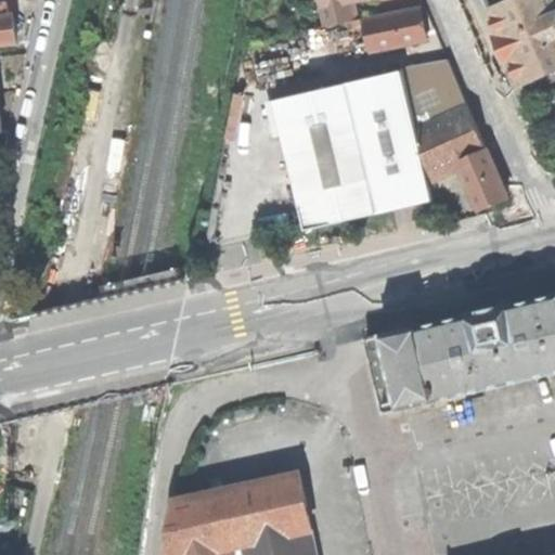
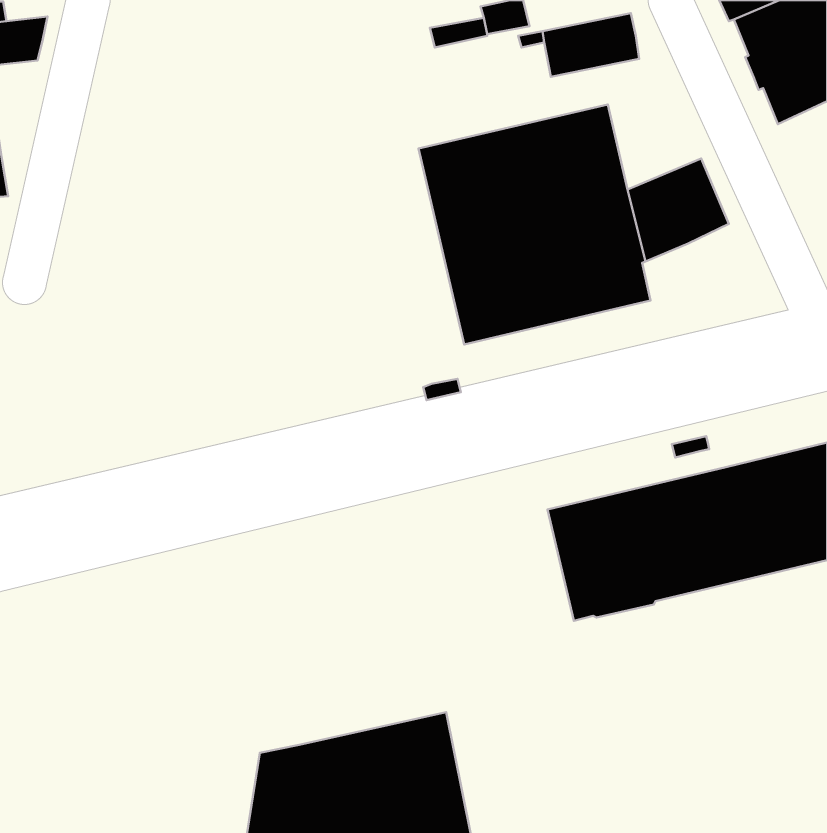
building: [402,61,465,127] -> none
building: [456,150,505,210] -> none

